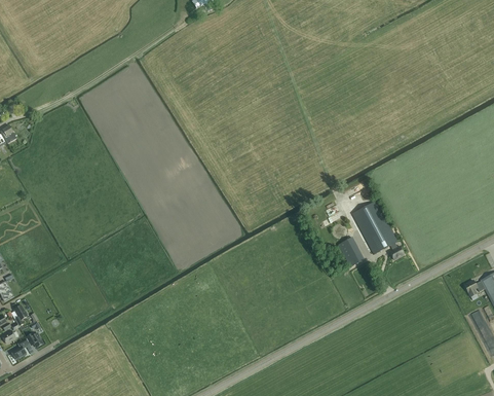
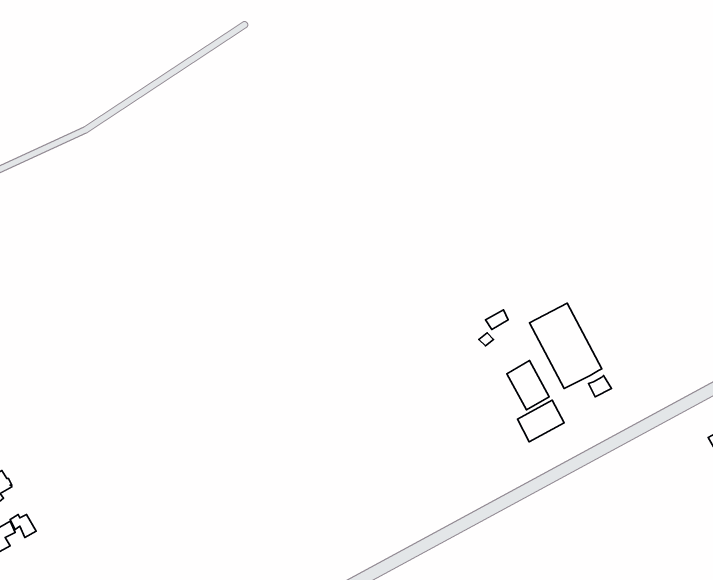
building: none -> [517,400,564,442]

